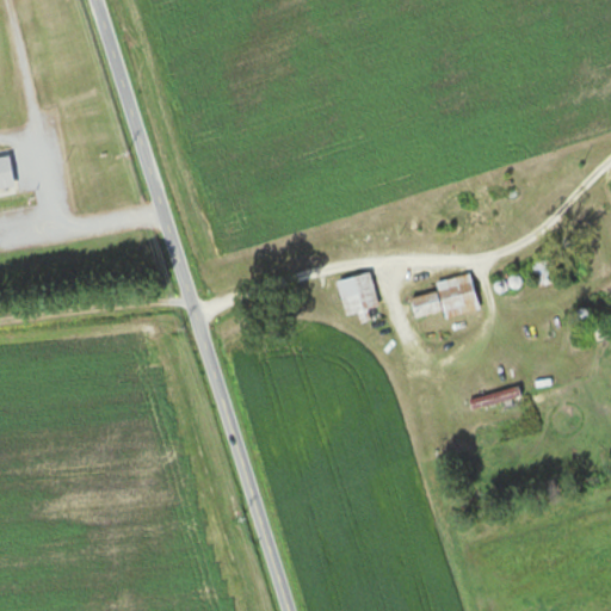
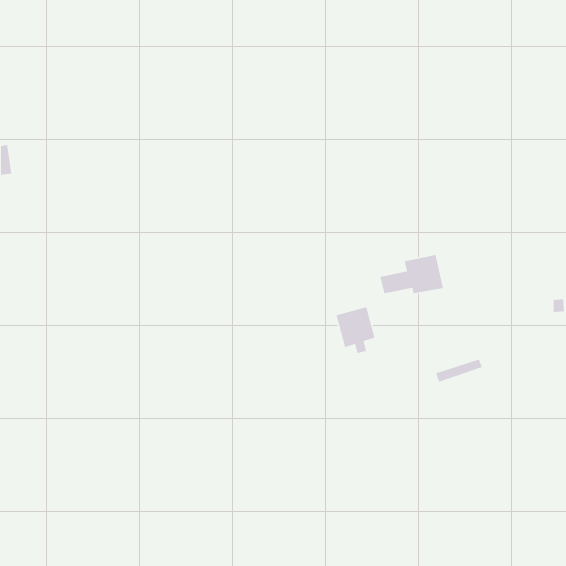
building: [337,271,379,322] -> [336,306,376,354]

